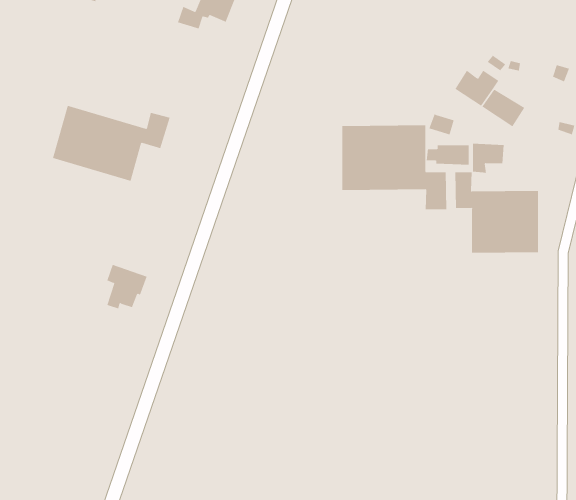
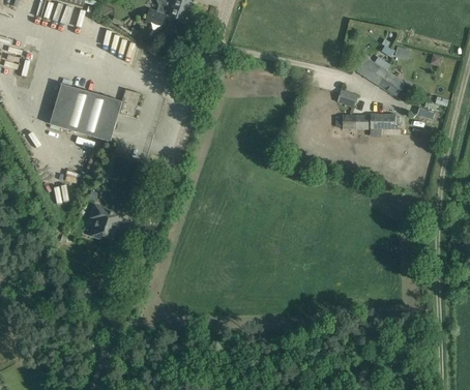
building: [342,125,447,210] -> none
building: [455,172,538,254] -> none

